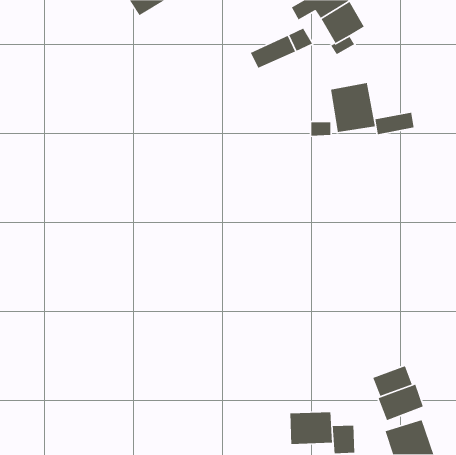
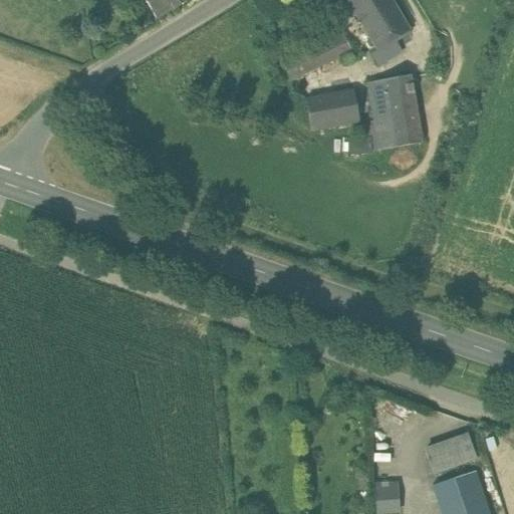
building: none -> [306,90,359,128]
building: [374,112,415,135] -> [368,74,414,100]
building: [372,365,413,397] -> none
building: [290,411,333,445] -> none

